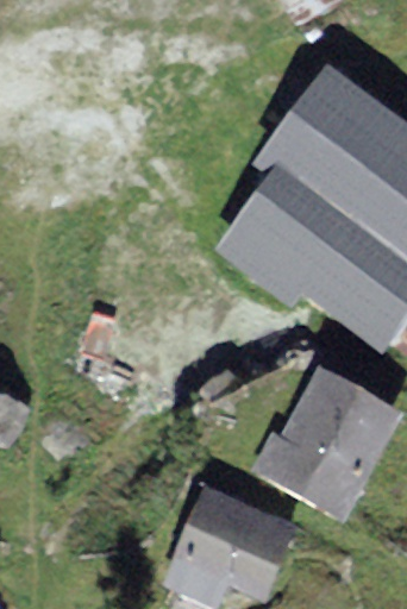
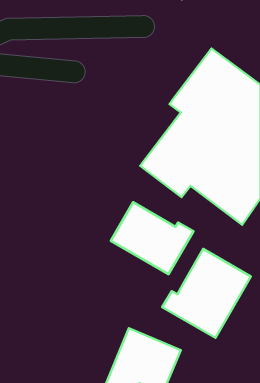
building: none -> [111,202,194,274]

